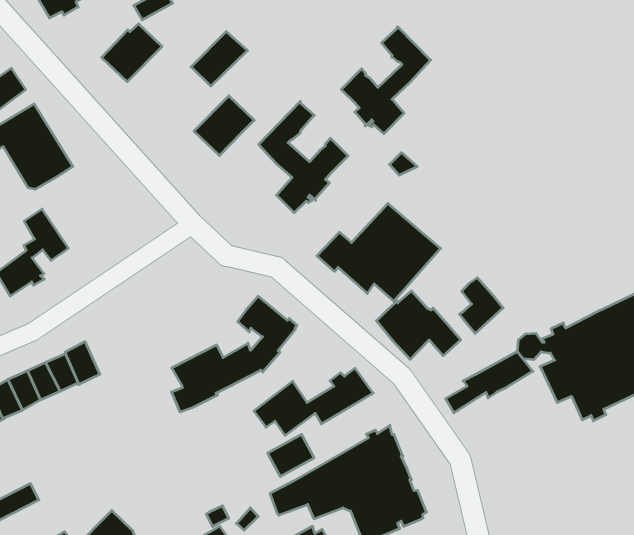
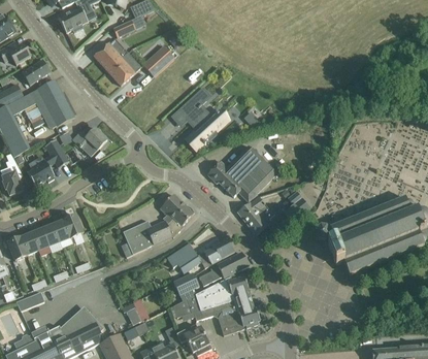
building: [341,27,431,134] -> none
building: [194,96,254,156] -> [106,52,140,85]
building: none -> [72,127,106,154]
building: [446,352,533,413] -> [199,253,249,285]

